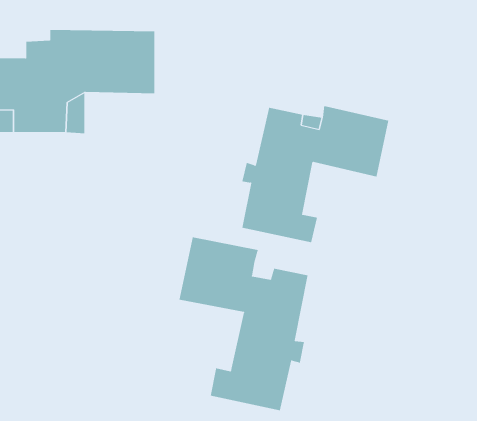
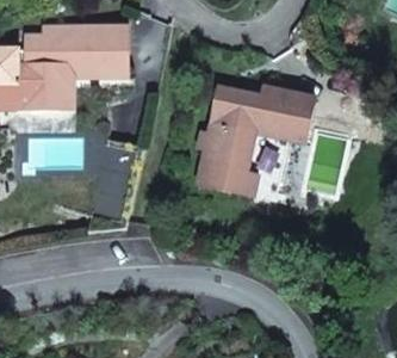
building: [179,236,308,411] -> none

